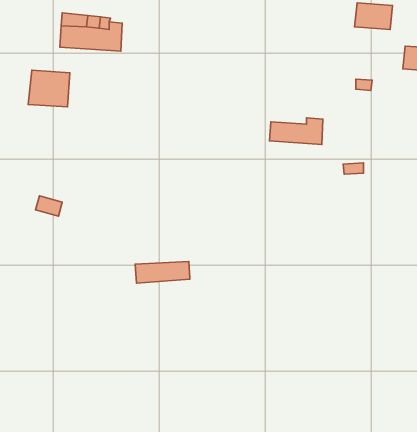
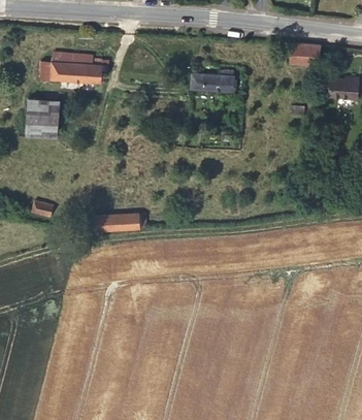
building: [270,118,323,145] -> [191,70,234,92]
building: [135,262,190,283] -> [95,214,139,231]

